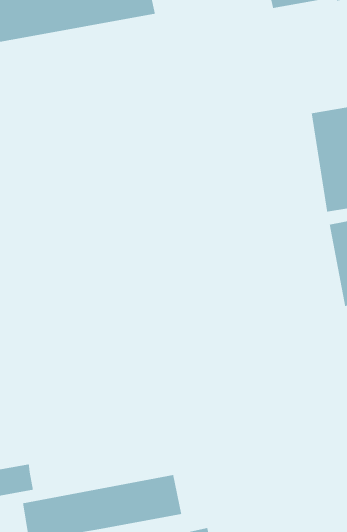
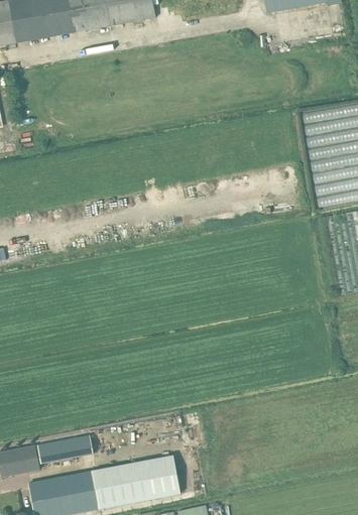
building: none -> [37,435,93,464]

